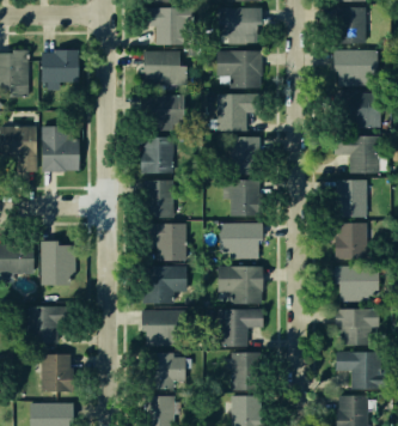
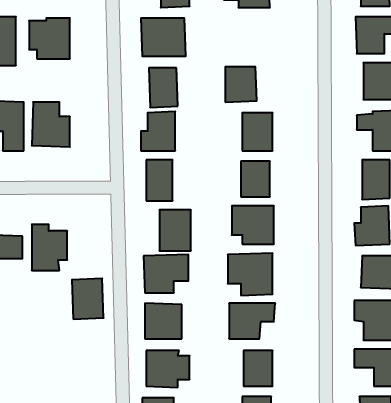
building: [216,51,261,89] -> none
building: [31,308,60,345] -> [72,278,104,319]
building: [41,355,69,391] -> none

